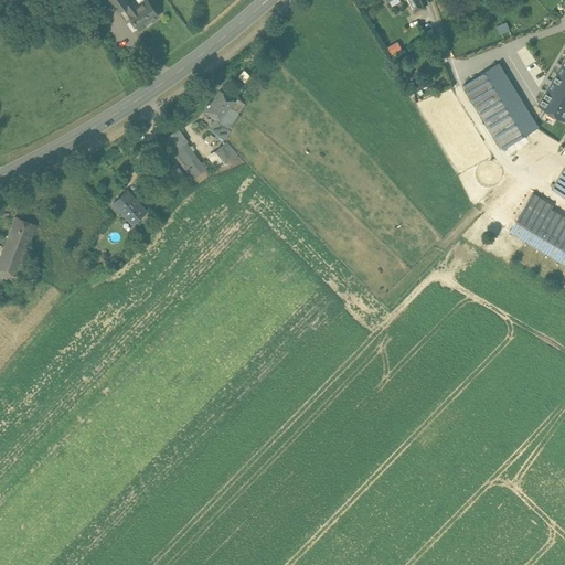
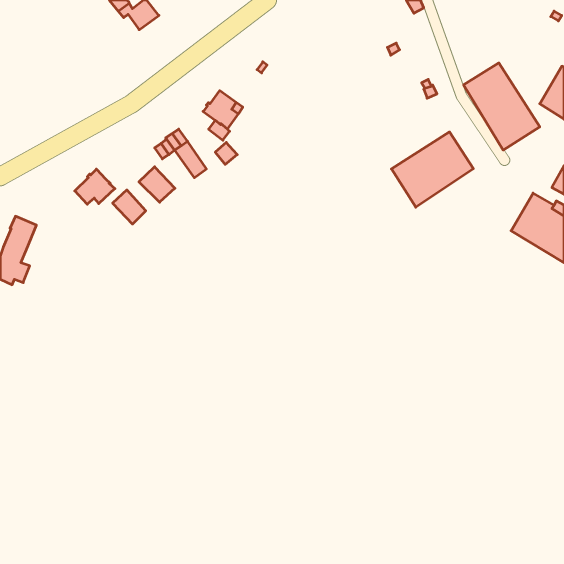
building: none -> [391,132,473,207]
building: none -> [139,167,175,202]
building: none -> [75,169,115,204]

